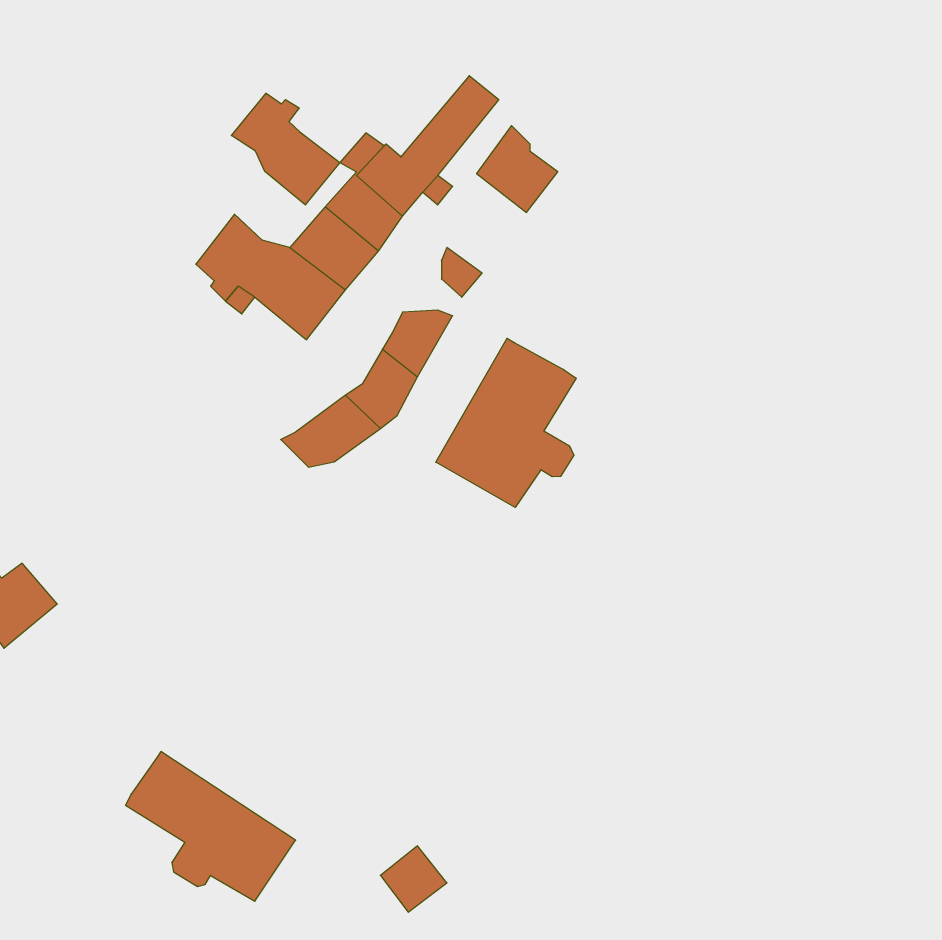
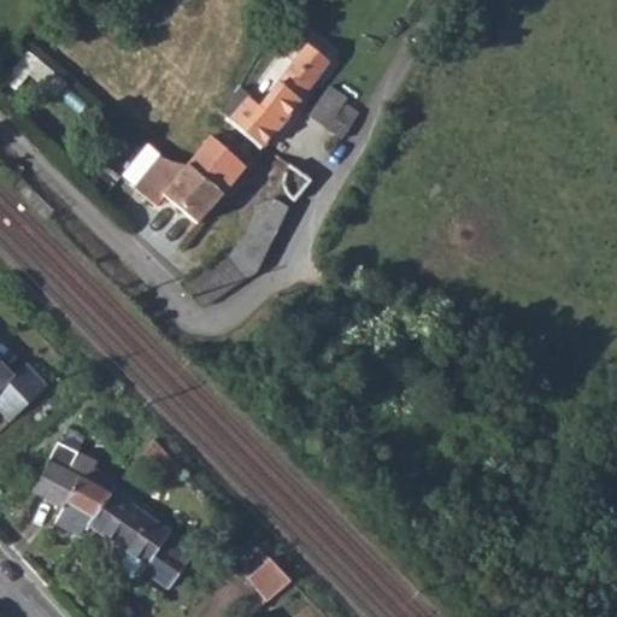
building: [231,93,340,205] -> none
building: [436,338,576,507] -> none
building: none -> [29,440,102,540]

